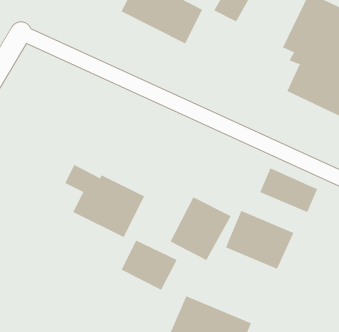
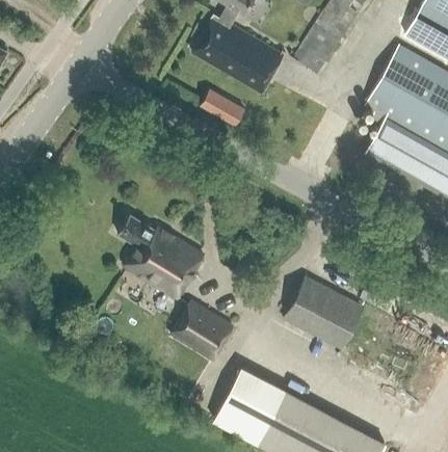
building: none -> [201,89,245,126]
building: [260,167,318,213] -> none
building: [170,196,231,261] -> none

